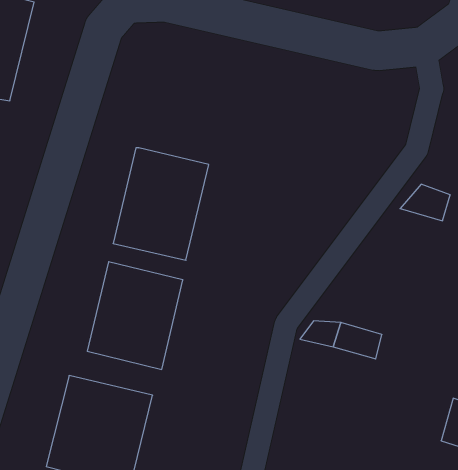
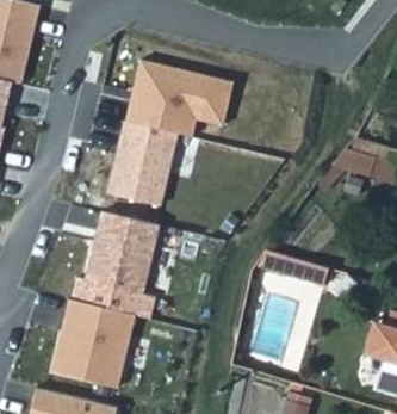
building: none -> [124,58,235,137]

